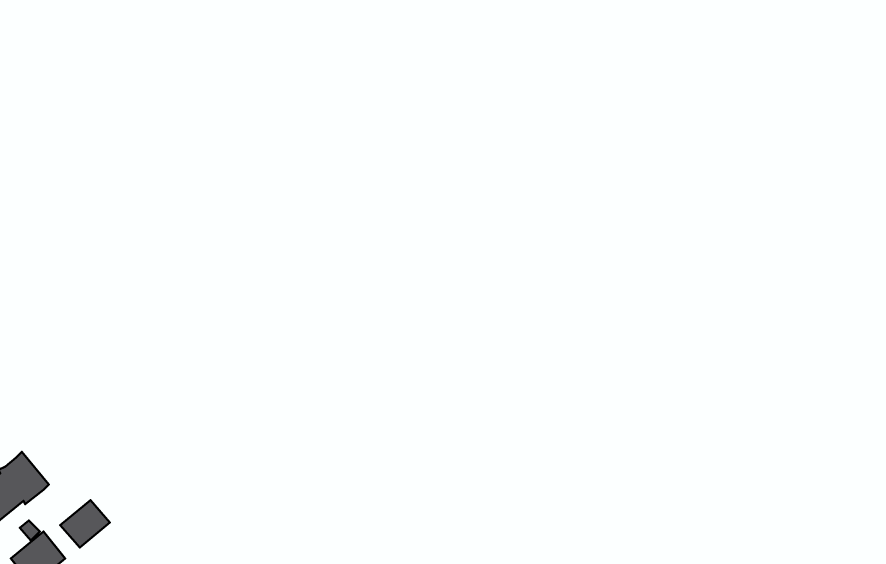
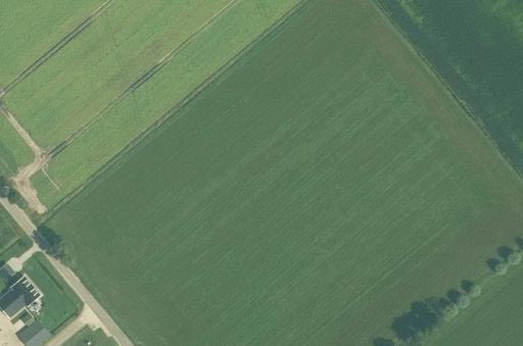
building: [60,500,110,548] -> none

